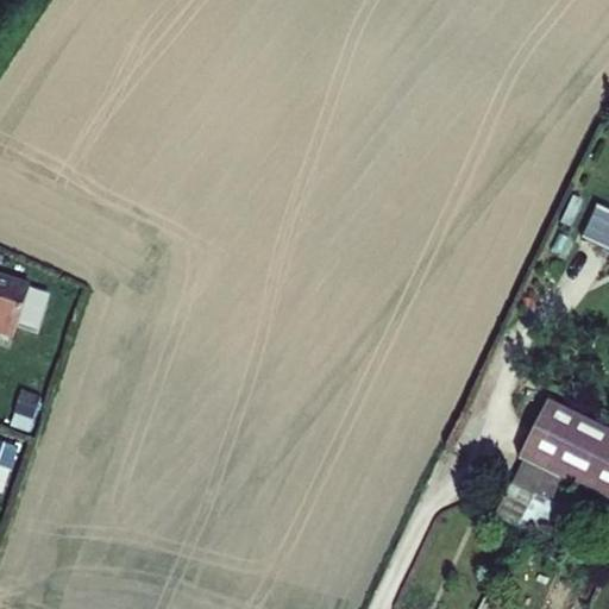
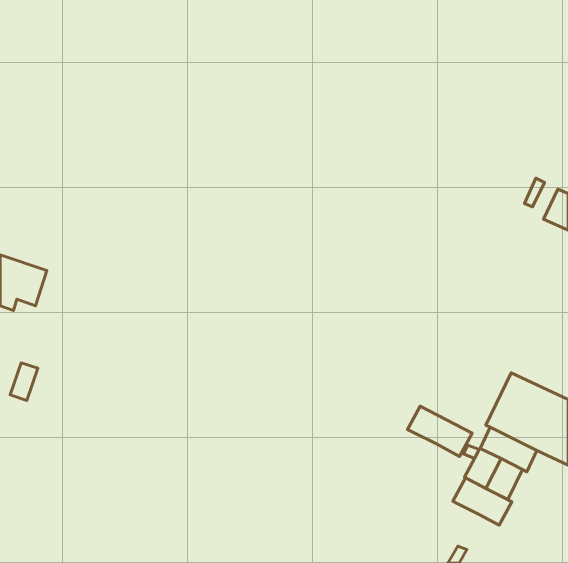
building: none -> [407,406,472,456]
building: none -> [453,478,512,525]

